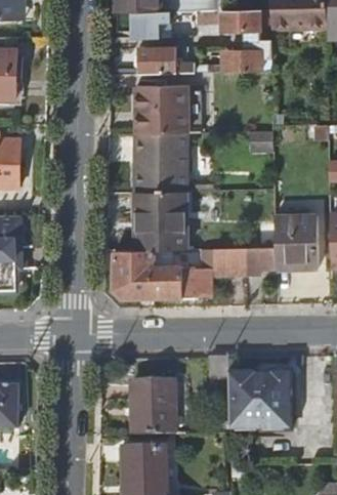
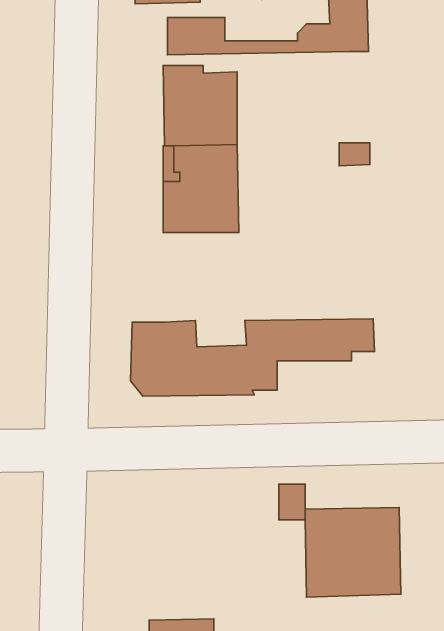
building: [135,190,186,249] -> none
building: [275,215,317,269] -> none
building: [134,380,176,435] -> none

